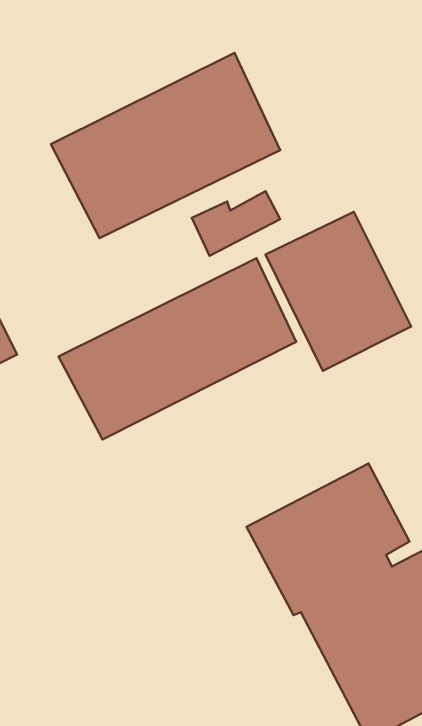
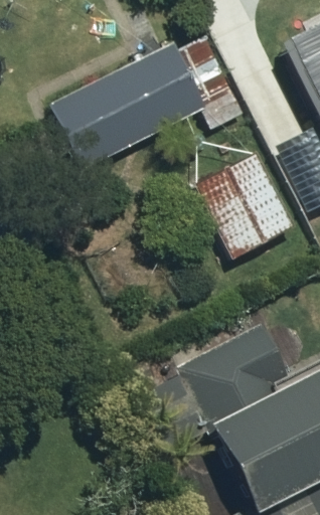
building: [59,258,296,439] -> none

